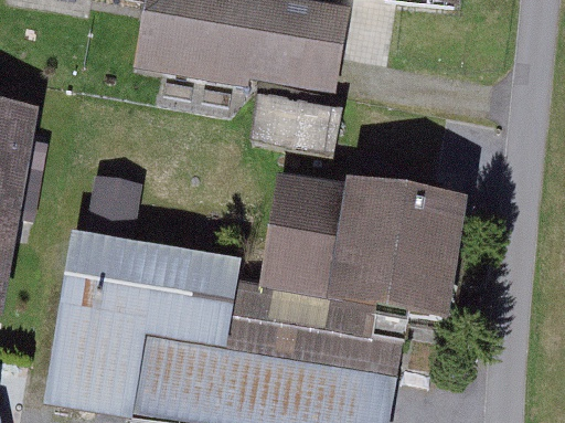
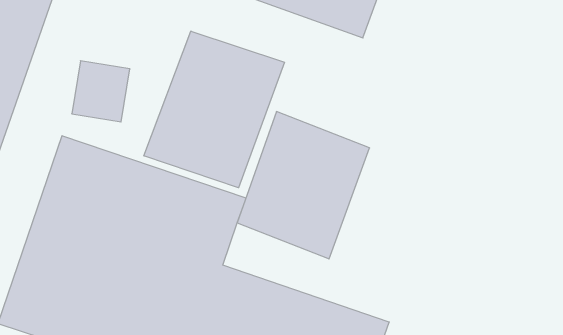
building: none -> [144,31,284,188]
building: [331,200,456,326] -> none

